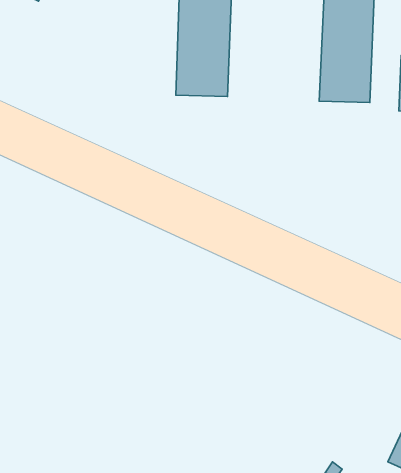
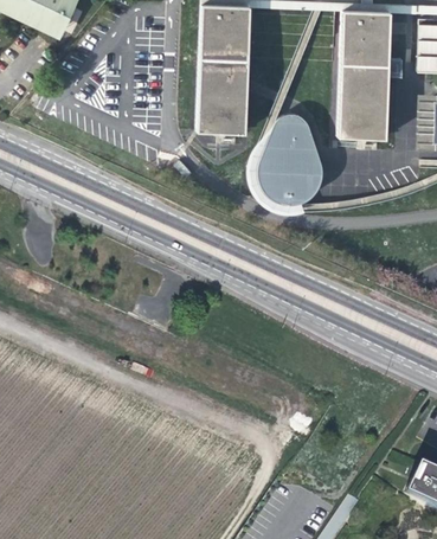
building: none -> [257,116,323,210]

